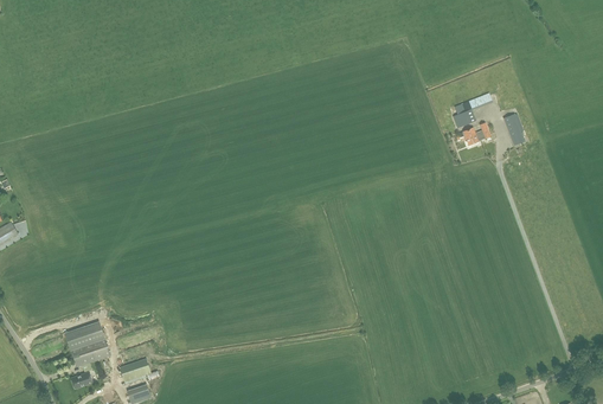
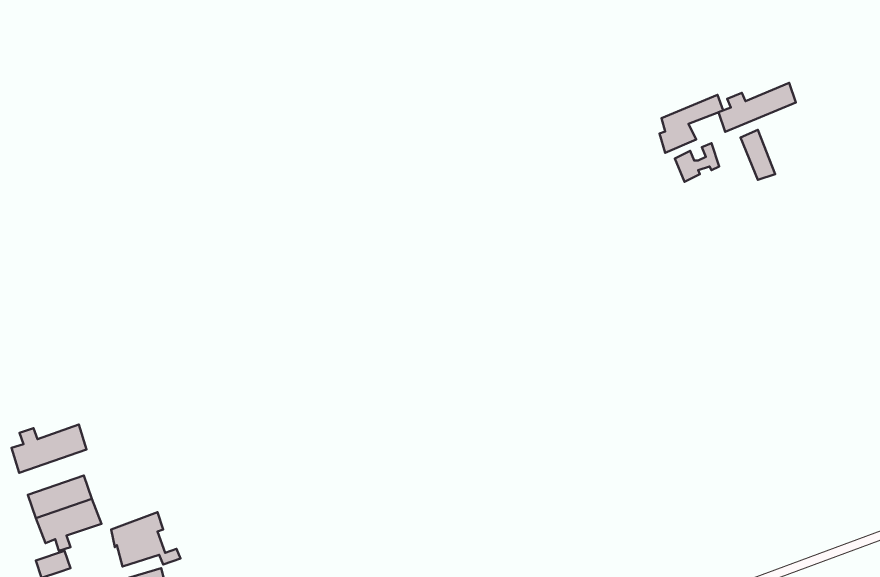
building: none -> [718,83,796,132]
building: none -> [12,424,86,473]

